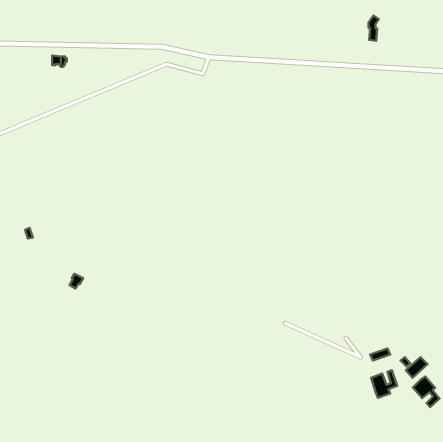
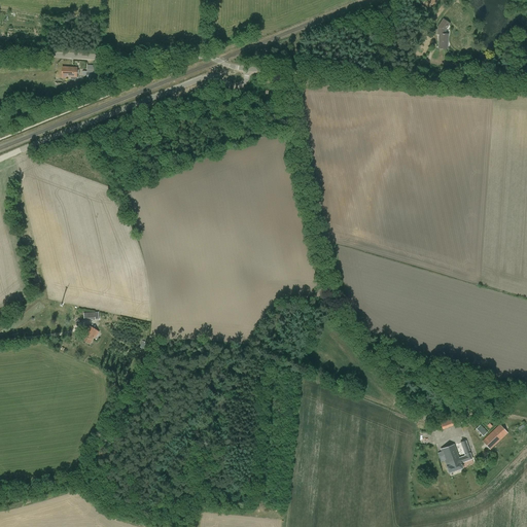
building: [413,376,440,407] -> none

